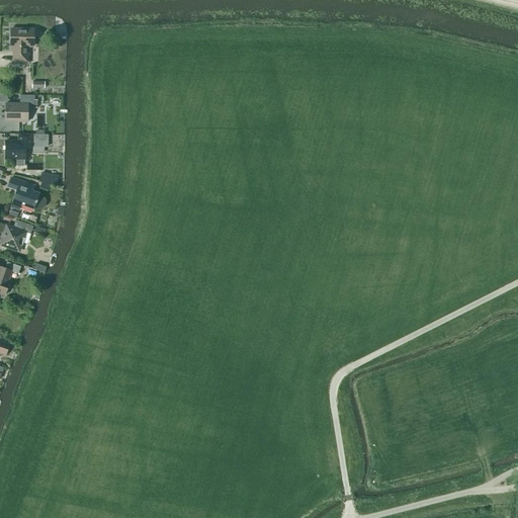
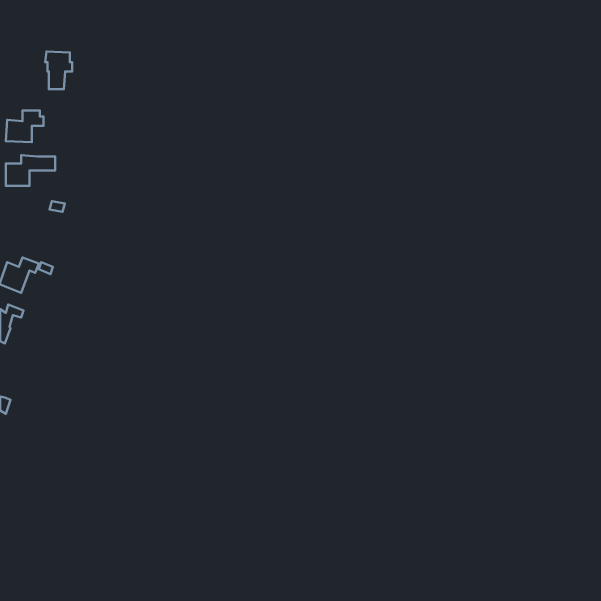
building: [10,29,33,62] -> [45,51,72,89]
building: [7,178,45,209] -> none

